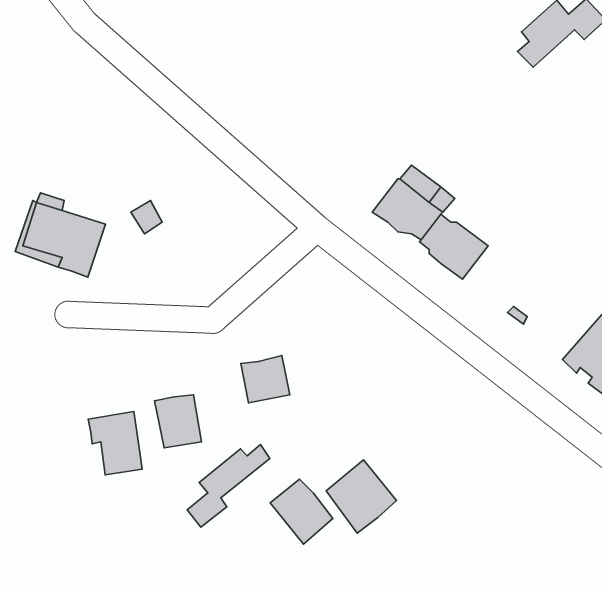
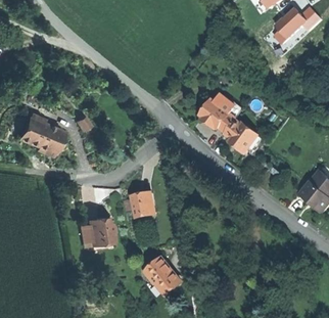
building: [88,412,142,475] -> none
building: [187,444,270,527] -> none
building: [326,460,396,533] -> none

